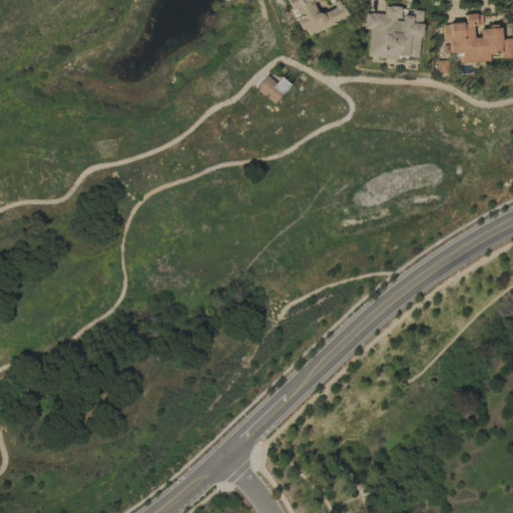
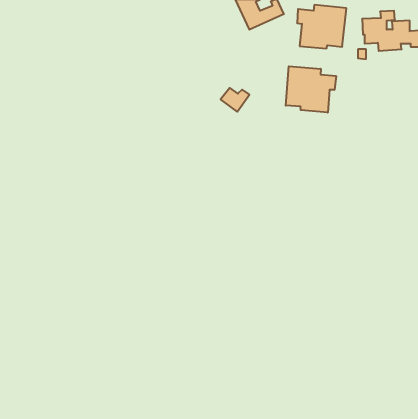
building: [256,75,292,104] -> [221,88,249,112]
building: none -> [286,66,336,113]

